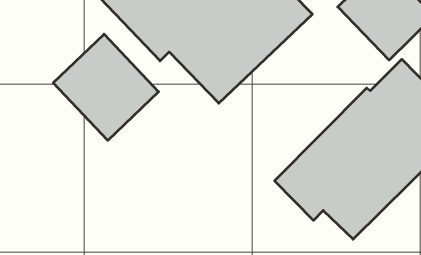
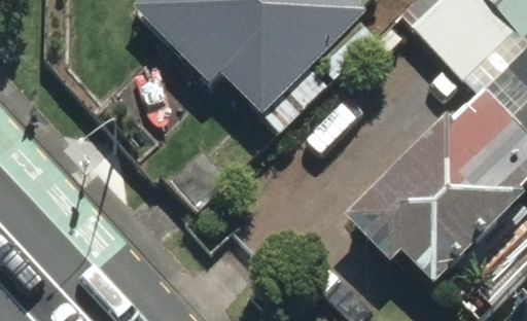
building: [53,34,159,140] -> none

